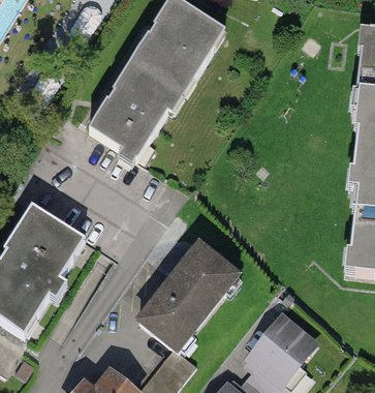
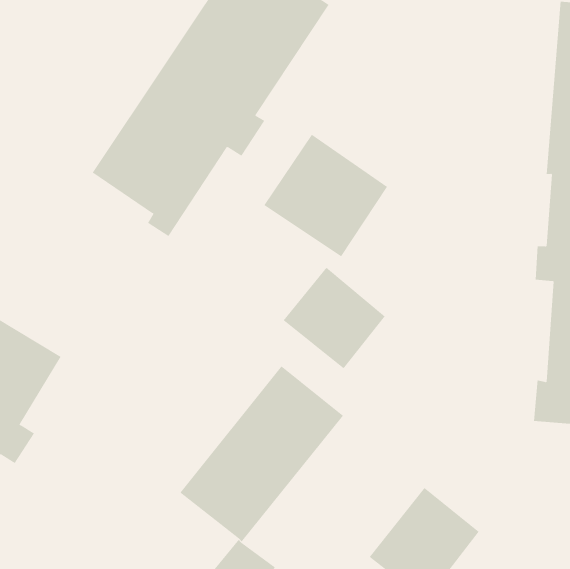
building: none -> [263,134,388,257]
building: none -> [283,267,386,369]

